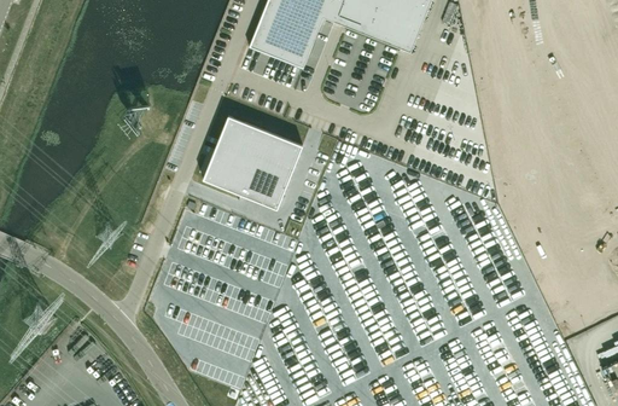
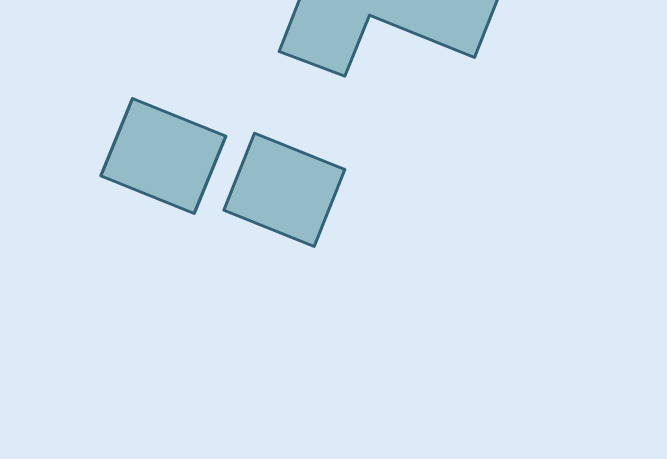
building: none -> [101,99,226,213]

